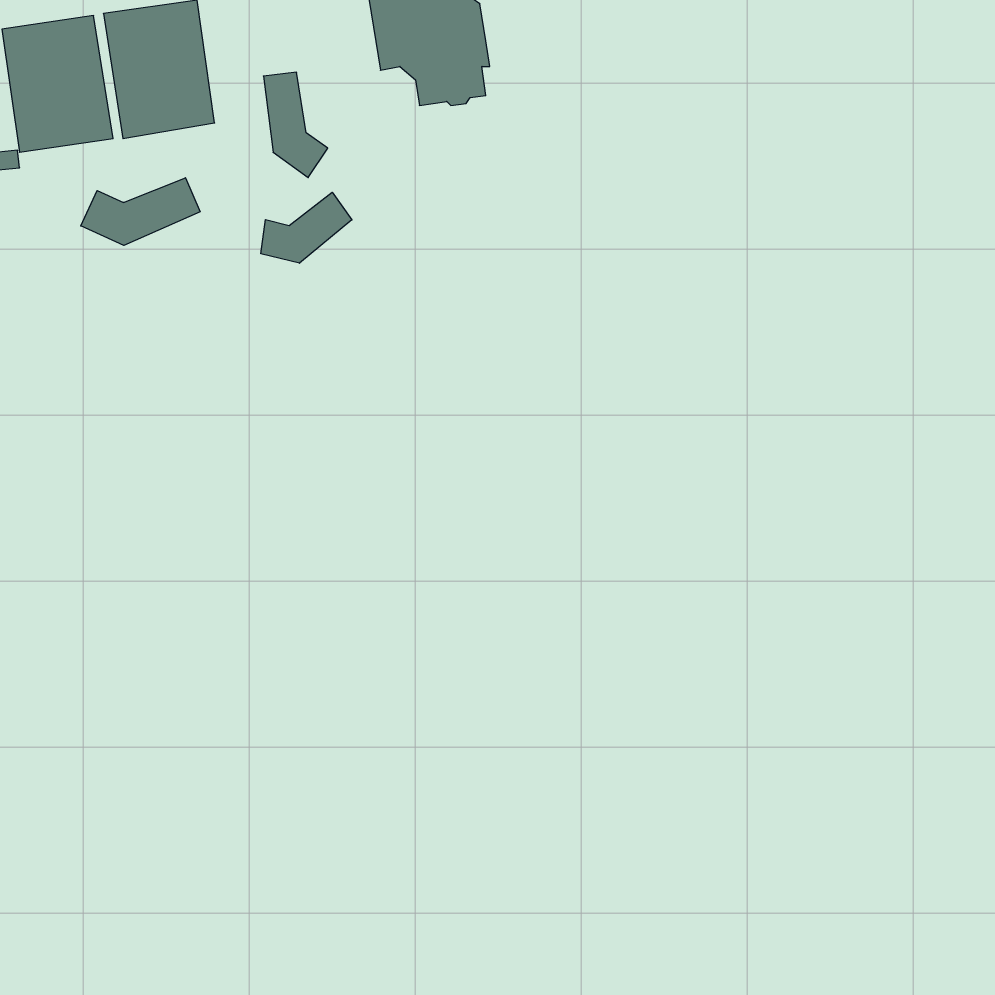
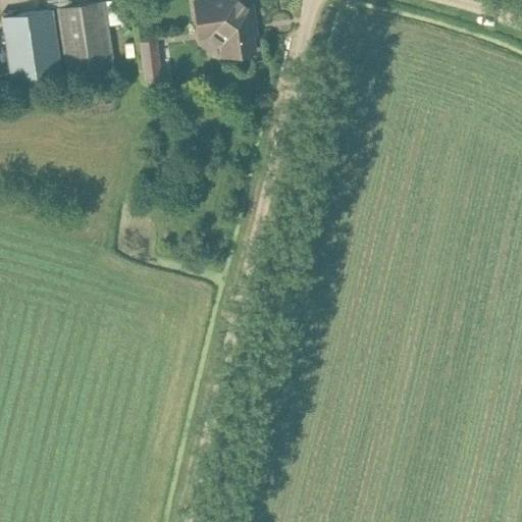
building: [81,178,200,245] -> none
building: [261,192,352,263] -> none

